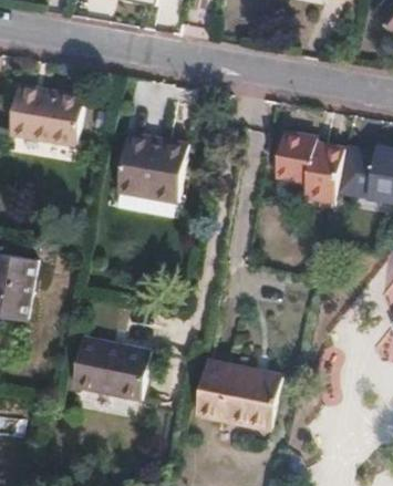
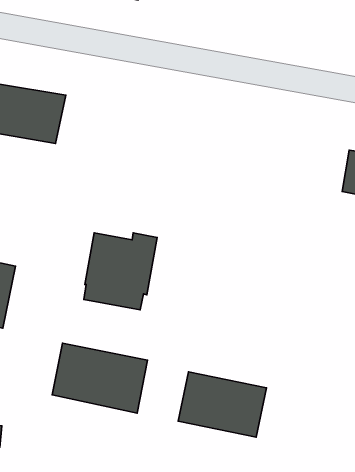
building: [275,134,344,201] -> none
building: [122,143,193,217] -> [84,233,157,310]

